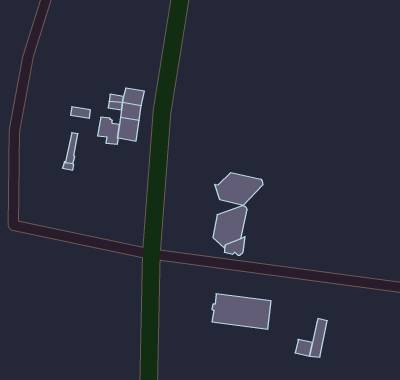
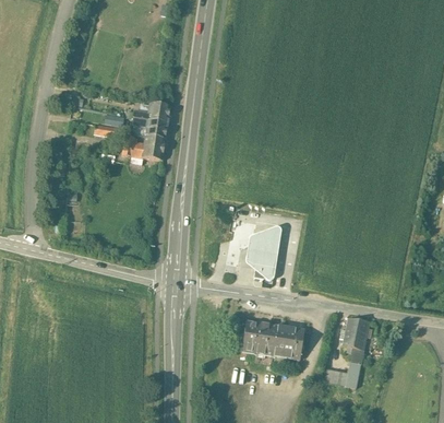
building: [215,173,263,205] -> none
building: none -> [340,316,370,350]

